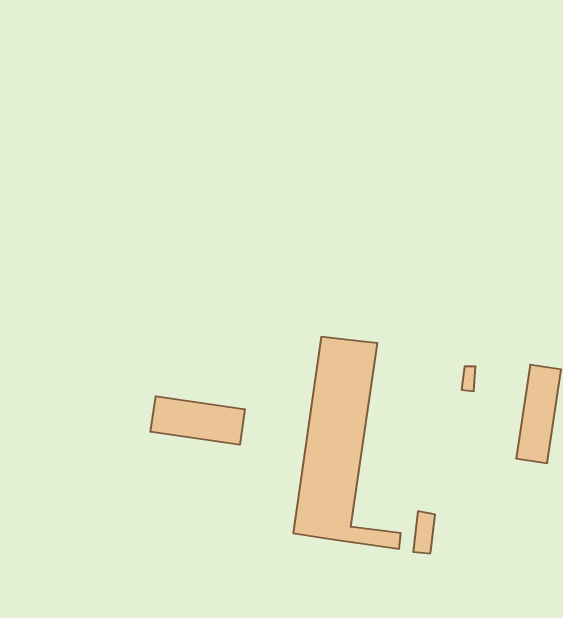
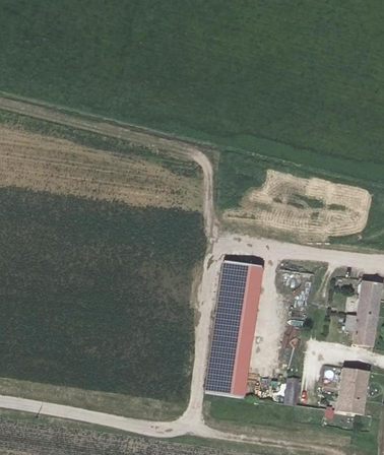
building: [151,396,245,445] -> none
building: none -> [336,368,369,413]

